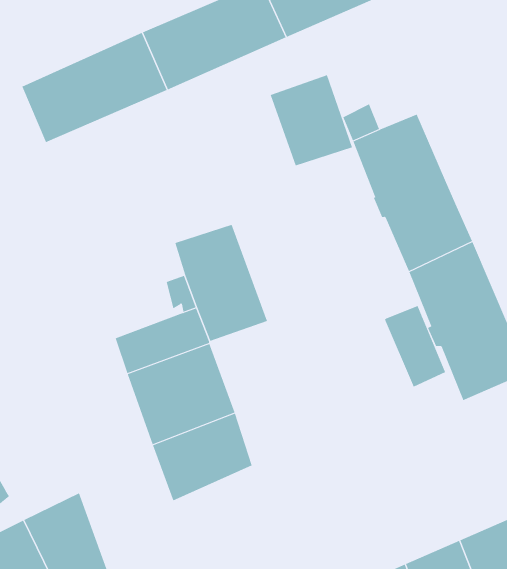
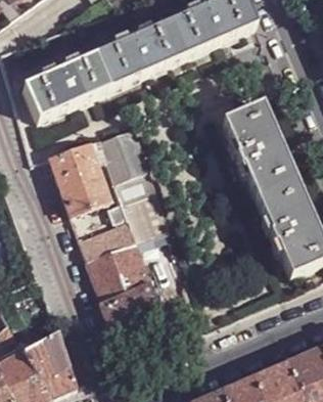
building: [270,74,353,166] -> [98,126,148,181]
building: none -> [48,142,108,214]
building: [384,305,446,387] -> none

